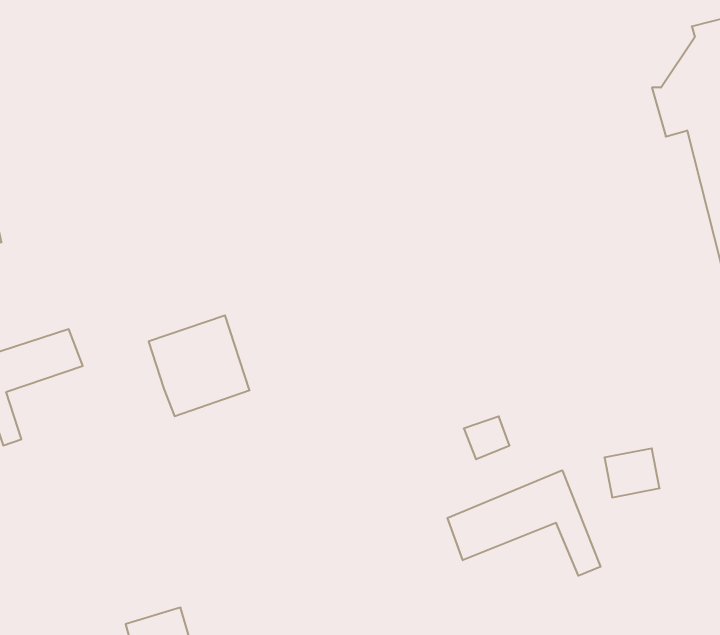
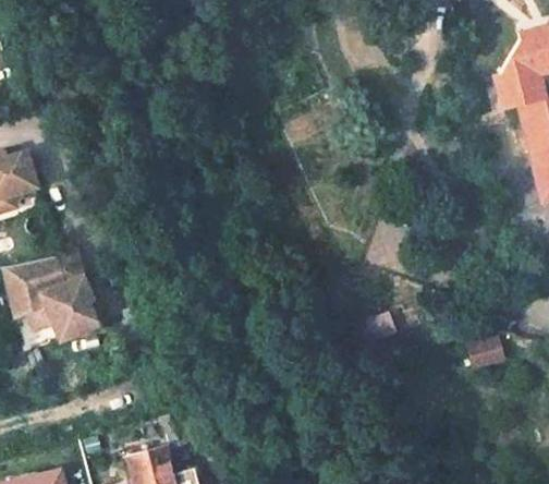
building: [149,315,250,416] -> [36,275,108,347]
building: [447,470,601,576] -> none

